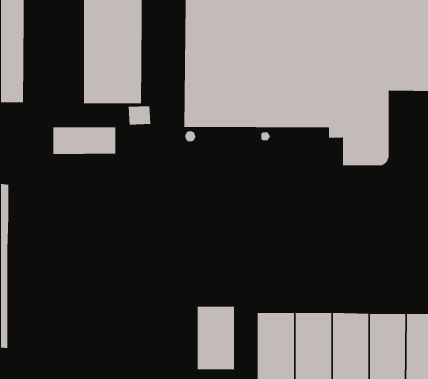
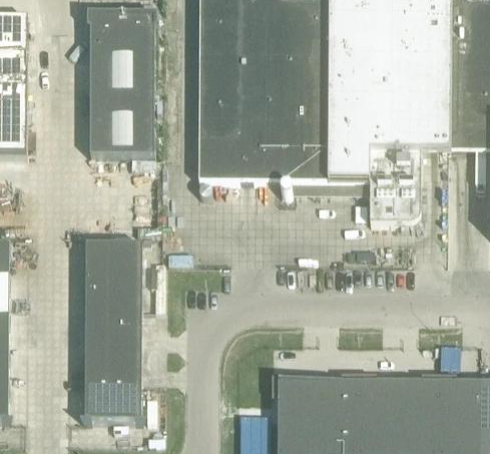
building: [53,127,116,155] -> none
building: none -> [85,240,142,418]
building: [197,306,234,370] -> none

